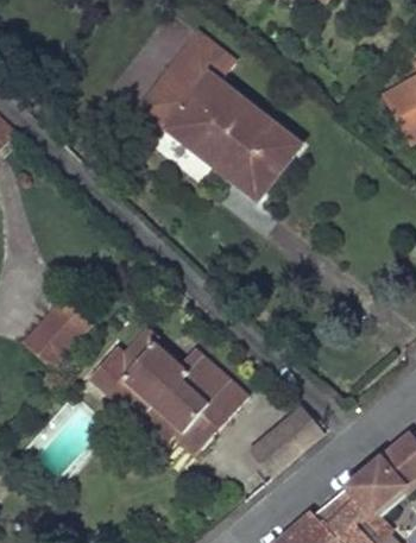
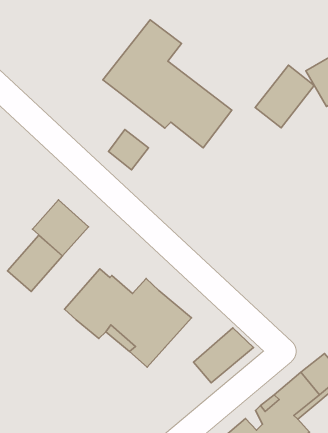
building: none -> [255,65,314,128]
building: none -> [109,130,149,170]
building: none -> [33,200,88,256]

